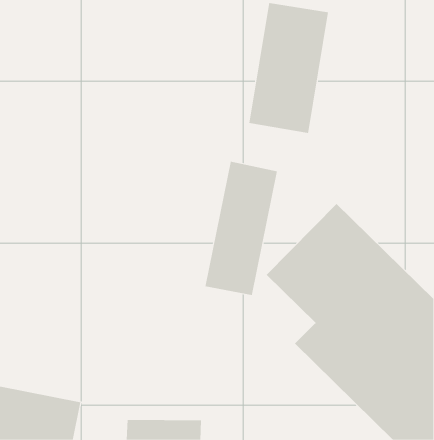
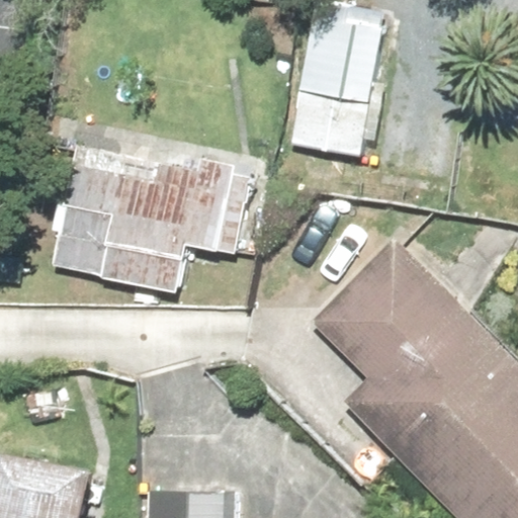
building: none -> [52,148,254,293]
building: [205,161,277,296] -> none

